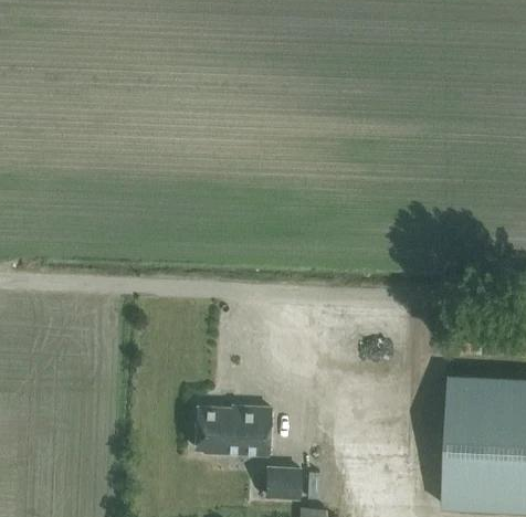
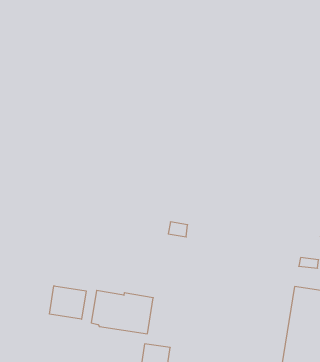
building: none -> [50,286,86,319]

